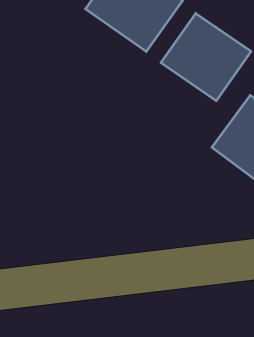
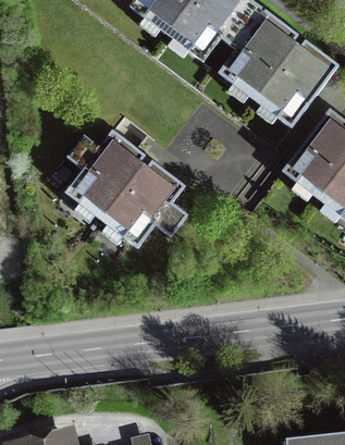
building: none -> [72,139,182,245]

